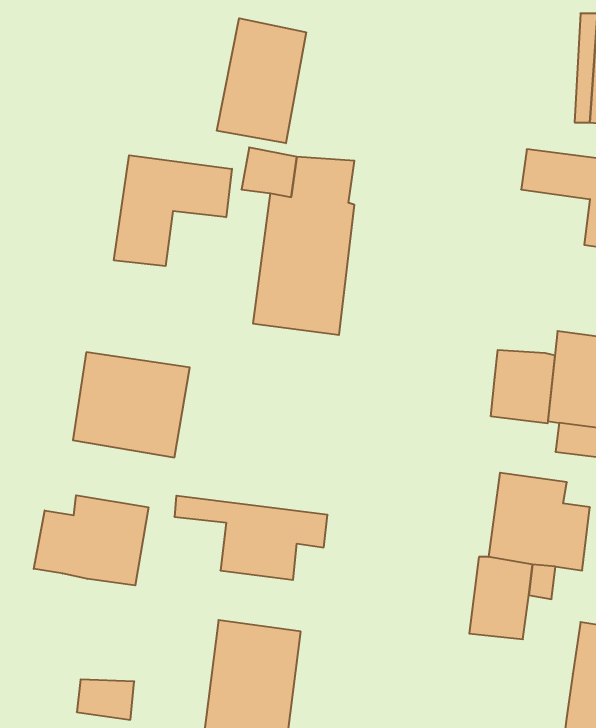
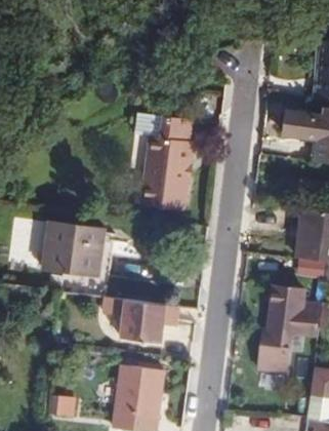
building: [217,18,306,143] -> none
building: [114,155,232,266] -> none
building: [491,350,555,423] -> none
building: [34,495,148,585] -> none

